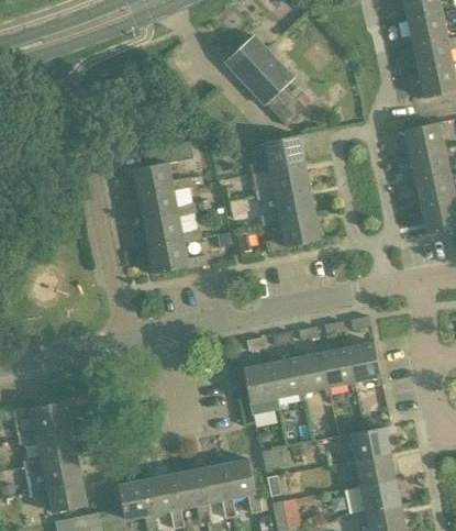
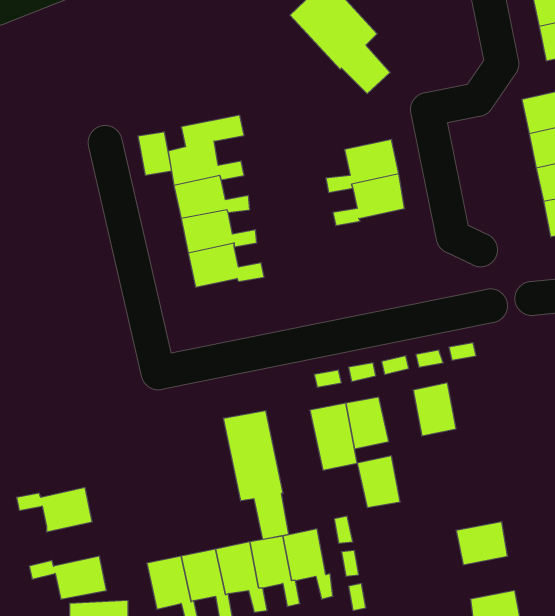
building: [249,134,305,176] -> none
building: none -> [138,132,172,175]
building: [266,213,321,253] -> none
building: [348,342,381,383] -> none
building: [296,353,329,392] -> [357,456,400,508]
building: none -> [223,411,288,540]
building: [12,401,70,435] -> none
building: [351,428,390,461] -> none
building: [22,454,81,488] -> none
building: [344,480,400,517] -> none

